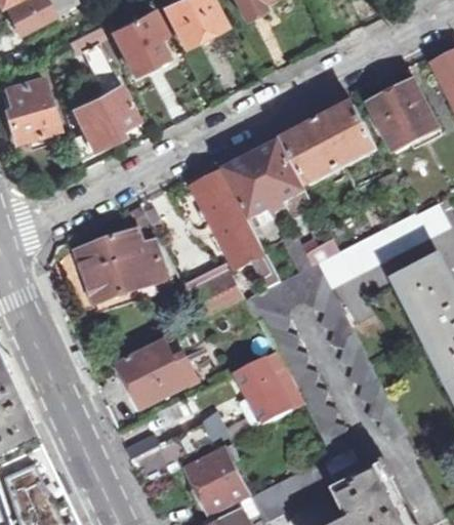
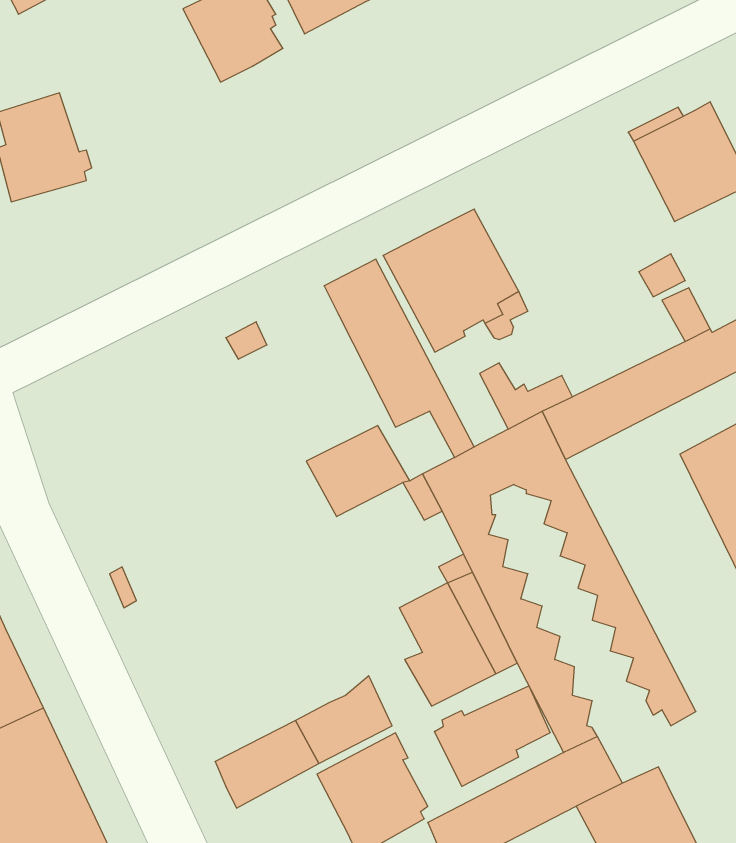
building: [71,36,139,148] -> none
building: [284,105,375,184] -> none
building: [78,233,160,305] -> none
building: [118,342,196,410] -> none
building: none -> [434,686,550,786]

